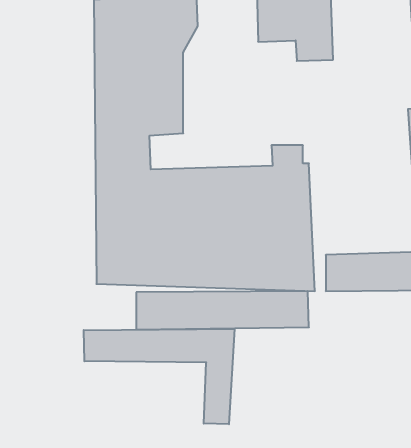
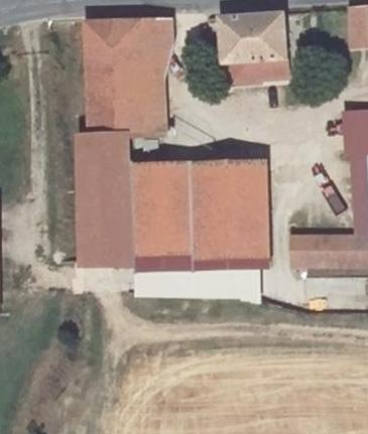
building: [84,329,235,424] -> none

